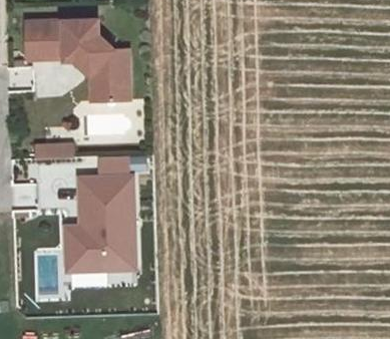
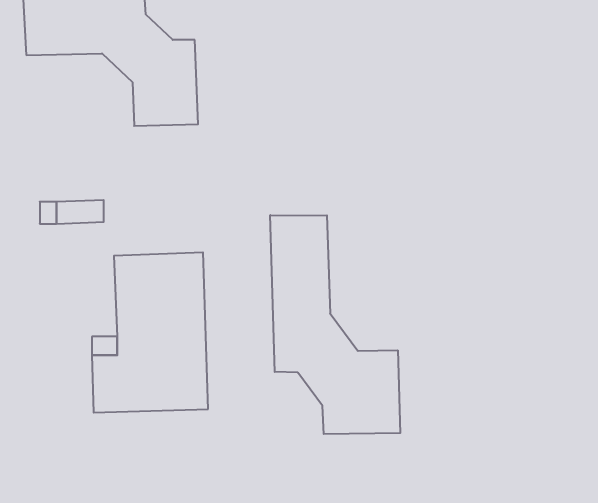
building: none -> [270,215,400,434]

